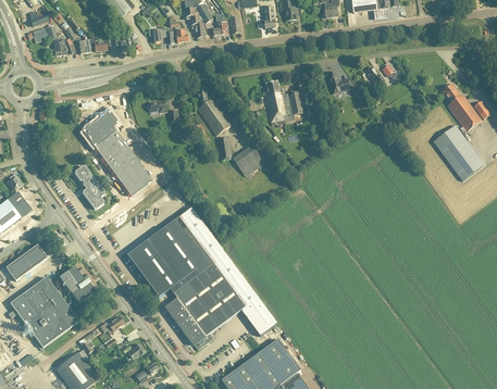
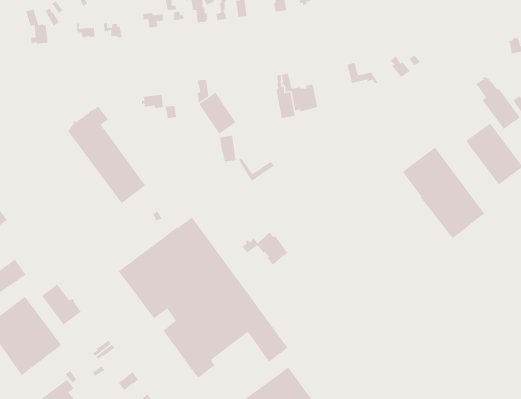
building: none -> [402,147,486,239]
building: [73,165,103,208] -> none
building: none -> [241,232,288,265]

